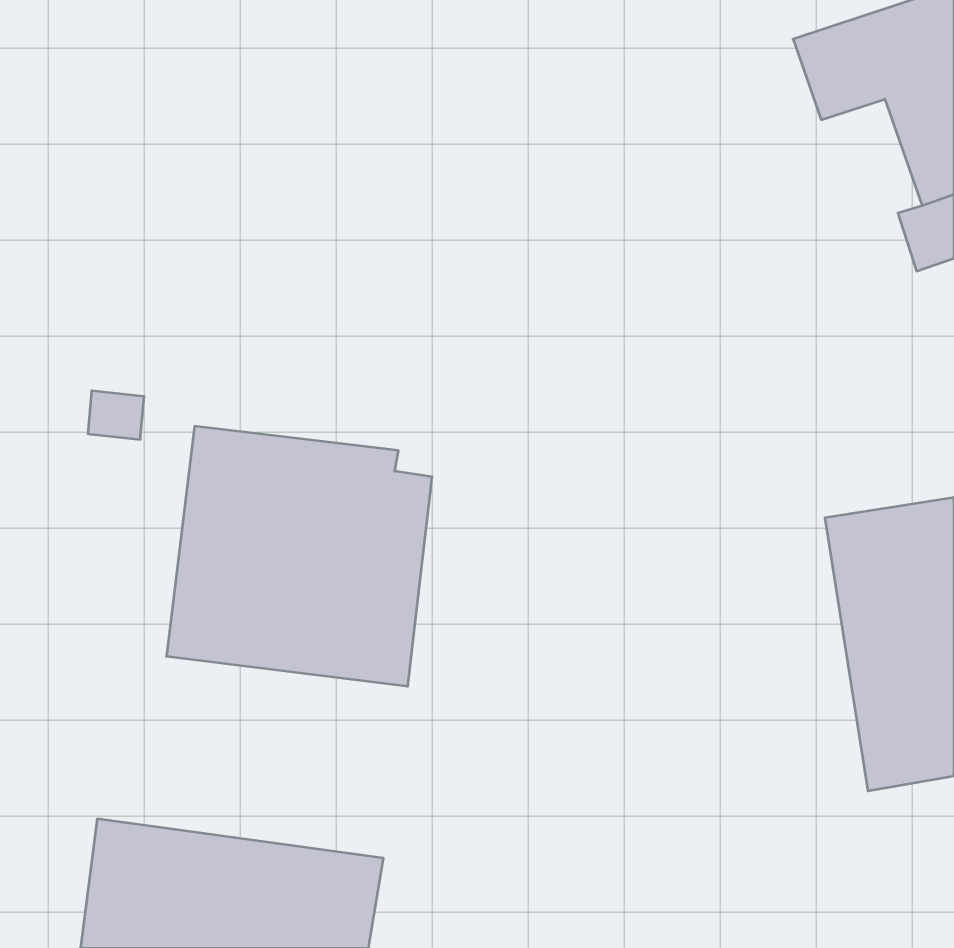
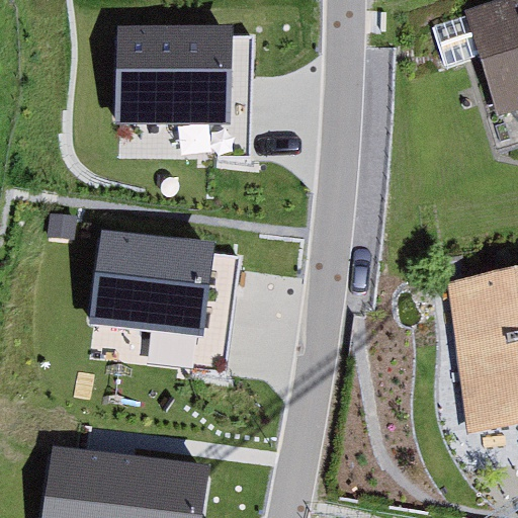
building: none -> [117,24,252,152]

